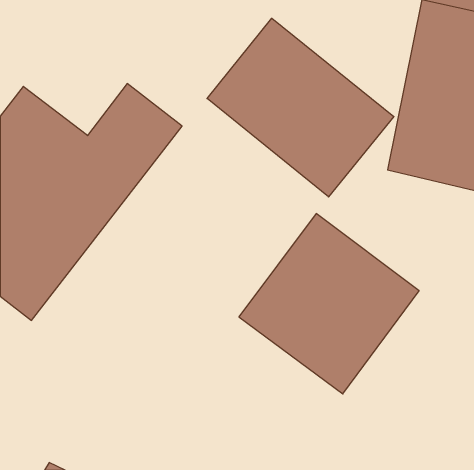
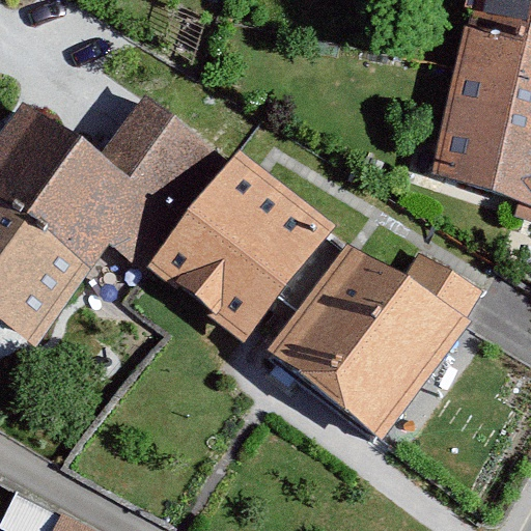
building: [207,18,394,197] -> none
building: none -> [143,144,332,336]

